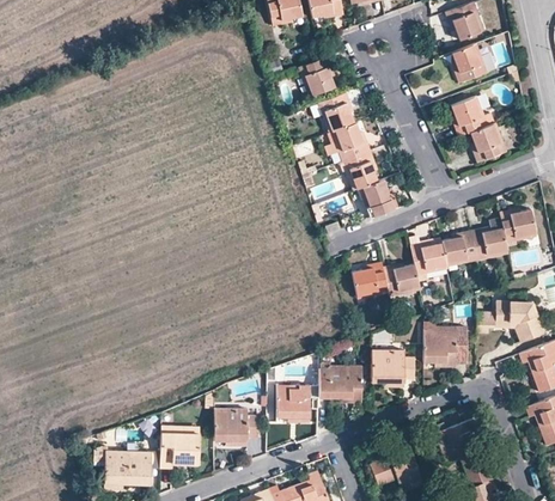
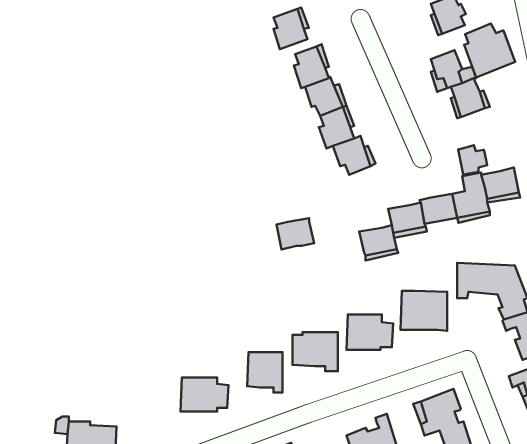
building: none -> [464,23,515,78]
building: none -> [458,145,487,174]
building: [353,267,389,297] -> [276,218,314,250]
building: [161,426,201,465] -> none

